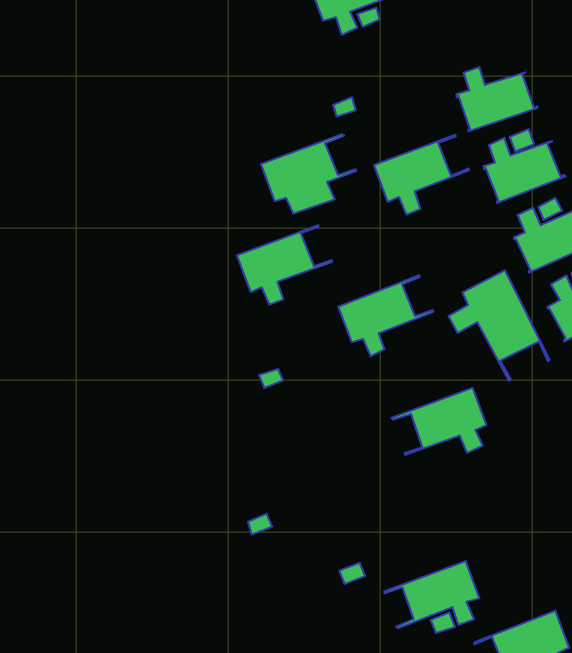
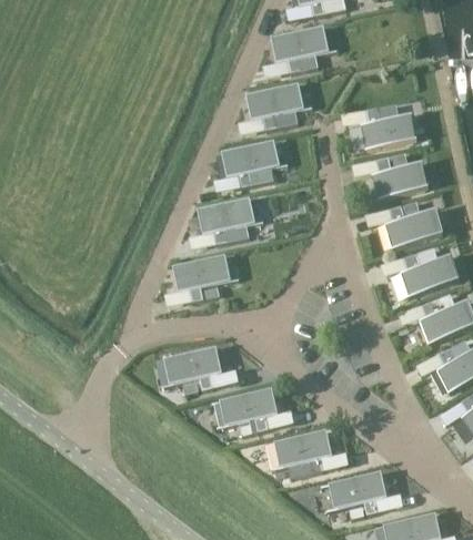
building: [374,135,469,214] -> [250,81,312,129]
building: [449,270,550,381] -> none
building: [338,275,433,356] -> [177,252,239,300]
building: [391,388,486,455] -> [211,388,273,430]
building: none -> [155,347,218,388]

